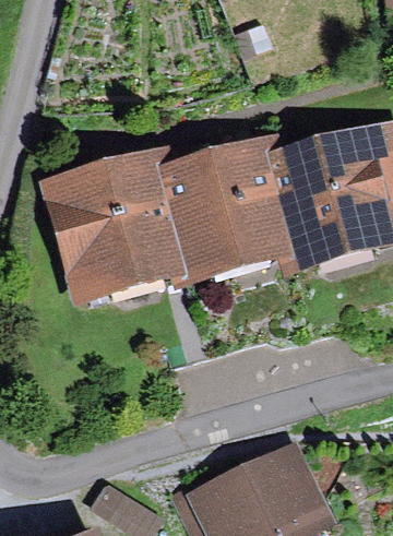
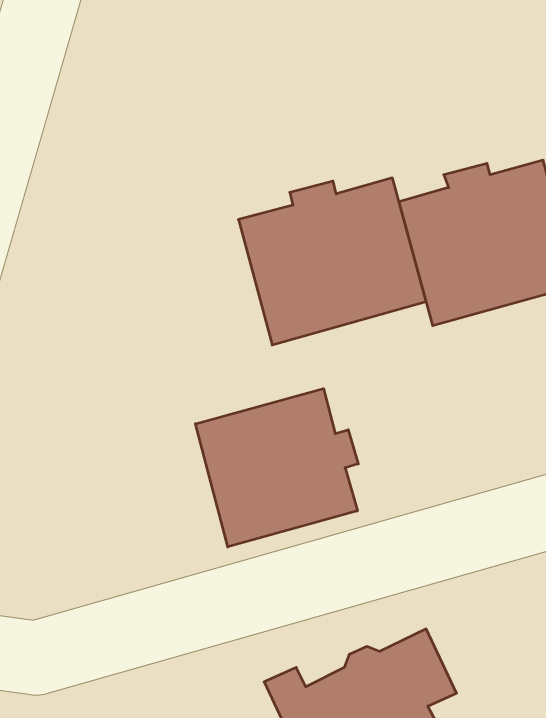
building: [62,167,187,281] -> none
building: none -> [195,389,358,547]

